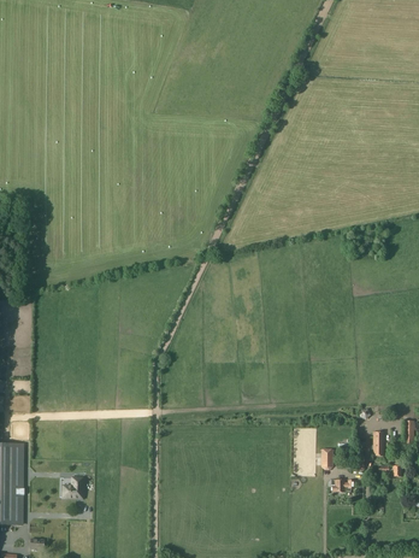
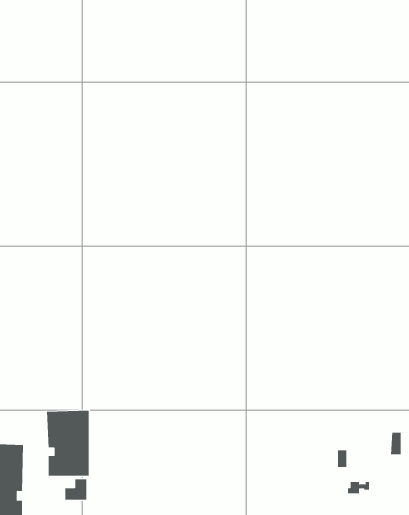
building: none -> [46,410,89,476]

